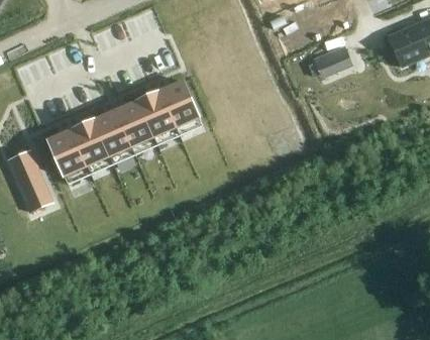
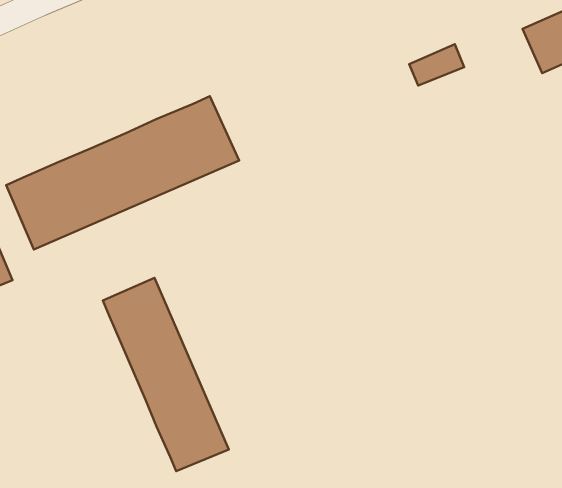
building: none -> [103,278,229,471]

